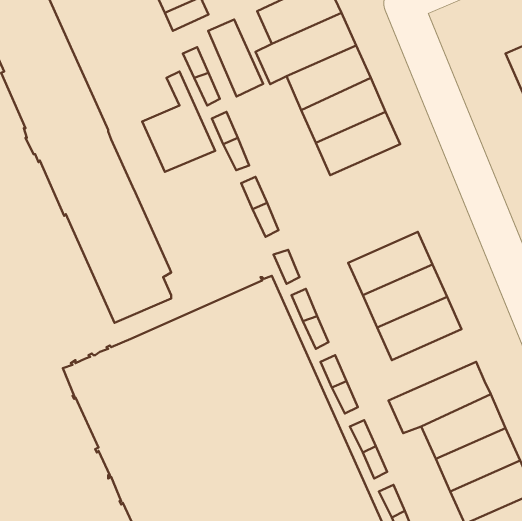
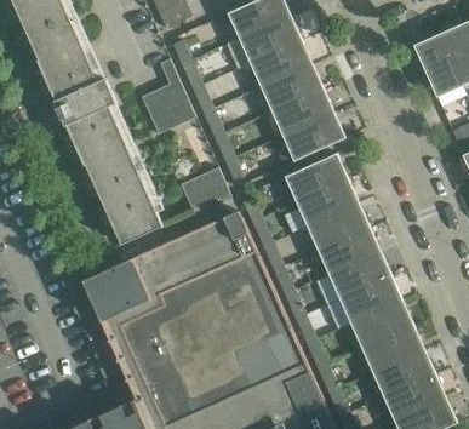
building: [208,19,263,96] -> none
building: none -> [281,113,344,161]
building: none -> [284,153,347,201]
building: none -> [179,167,231,213]
building: none -> [327,251,390,298]

